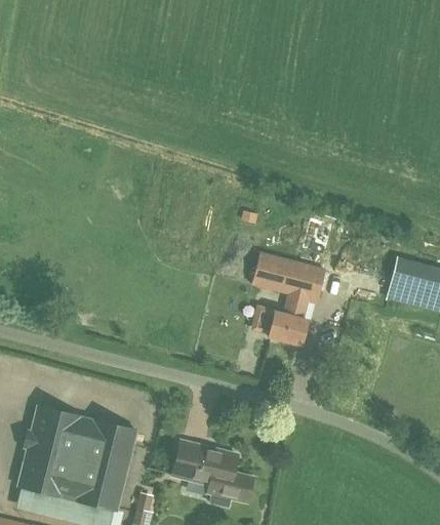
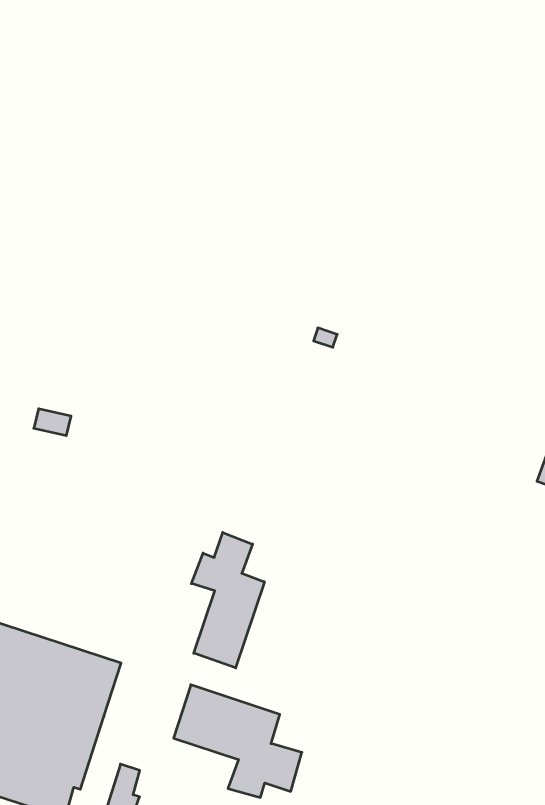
building: [251,251,326,345] -> none
building: none -> [191,532,264,668]

